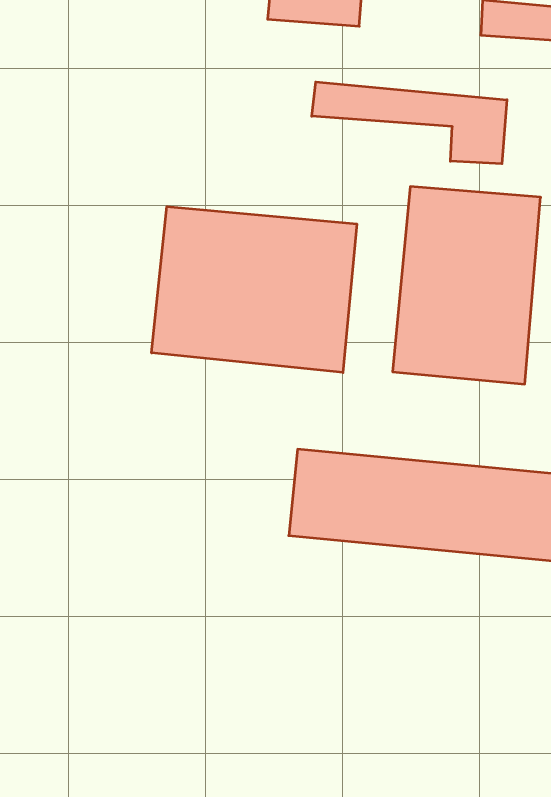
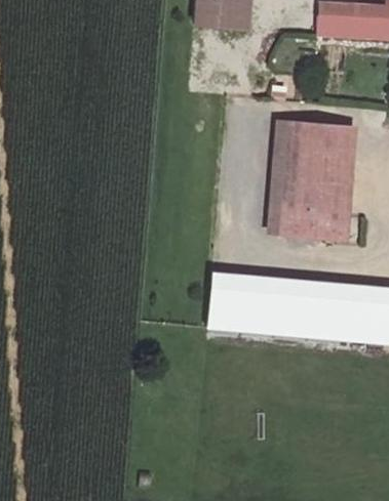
building: [312,82,507,164] -> none
building: [152,207,357,373] -> none

